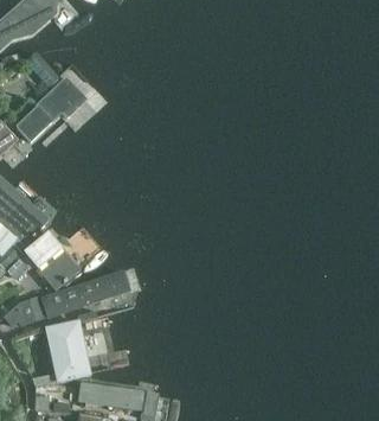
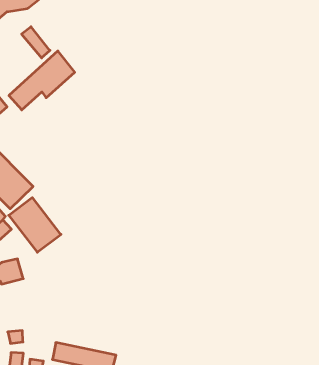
building: [43,269,130,317] -> none
building: [49,320,89,381] -> none

